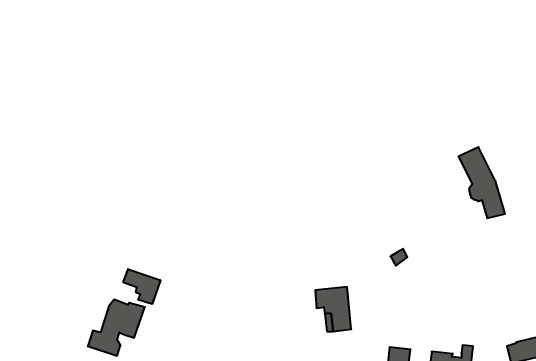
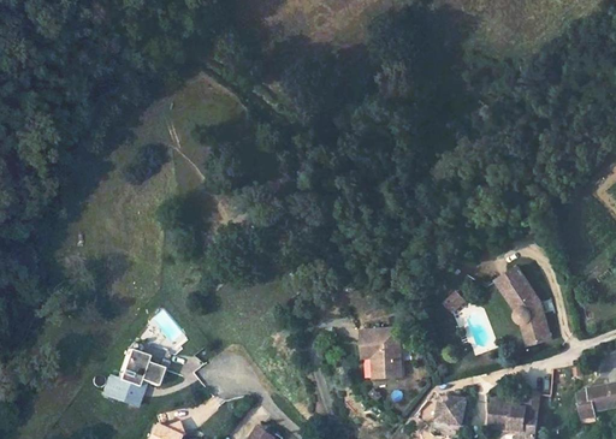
building: [458,147,505,218] -> [498,265,551,345]
building: [123,269,160,304] -> none

